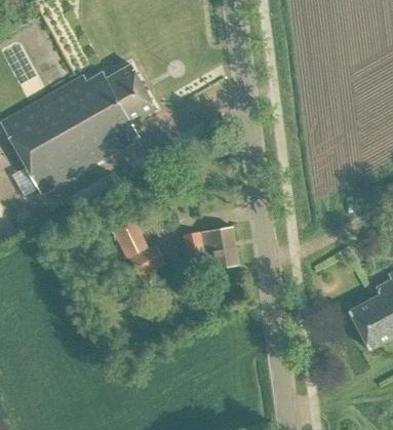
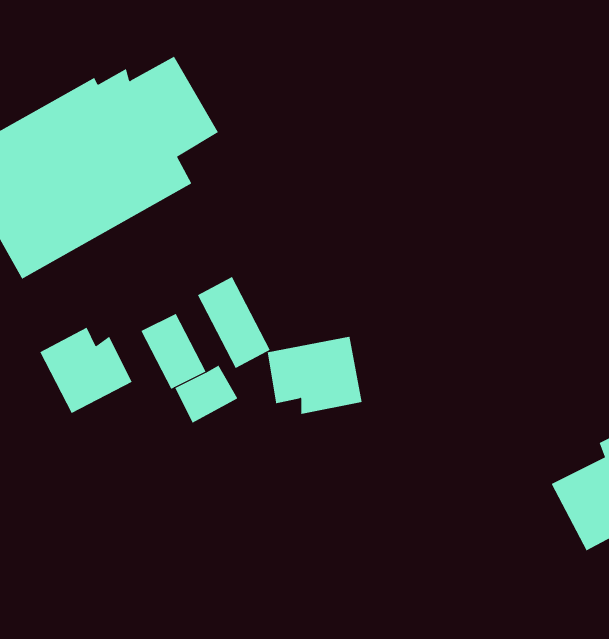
building: none -> [197,276,270,369]
building: none -> [40,327,132,414]

